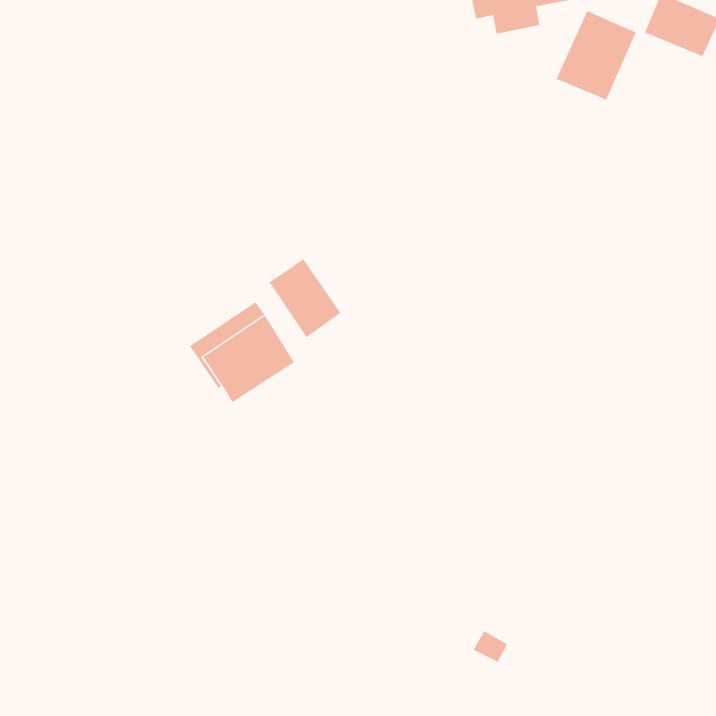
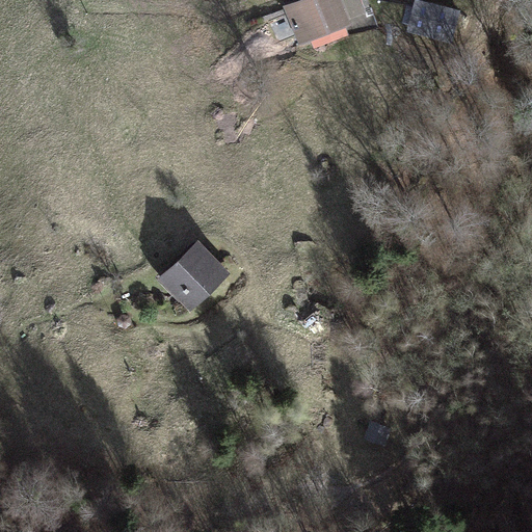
building: [556,10,637,101] -> none
building: [269,258,341,338] -> none

